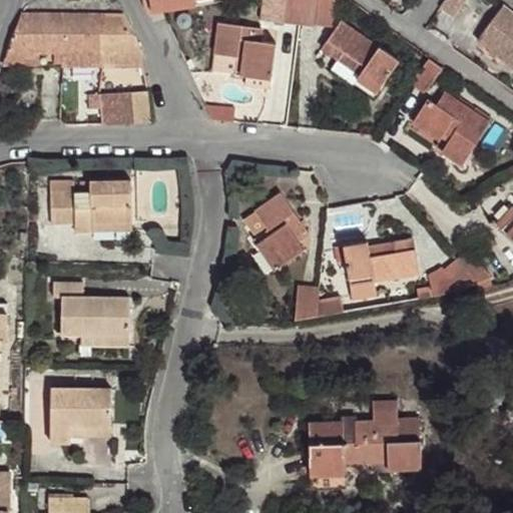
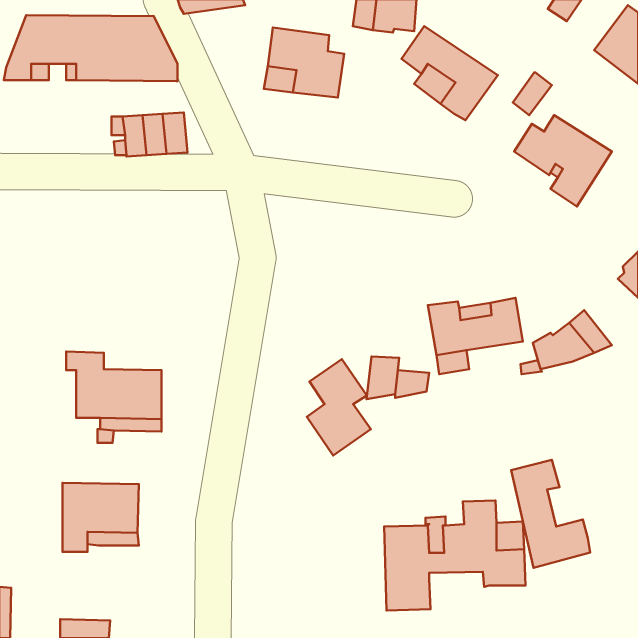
building: [50,180,131,231] -> none
building: [252,192,304,270] -> [307,359,371,455]
building: none -> [511,460,590,568]

